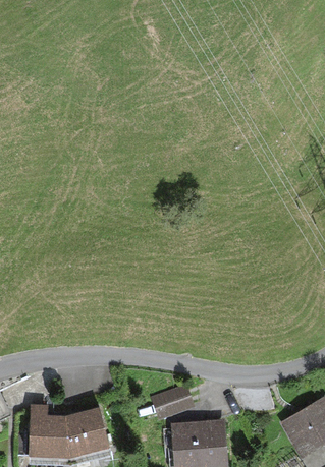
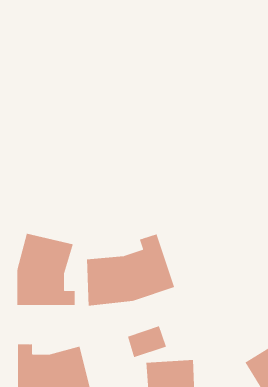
building: none -> [17,233,75,306]
building: none -> [86,233,175,306]

